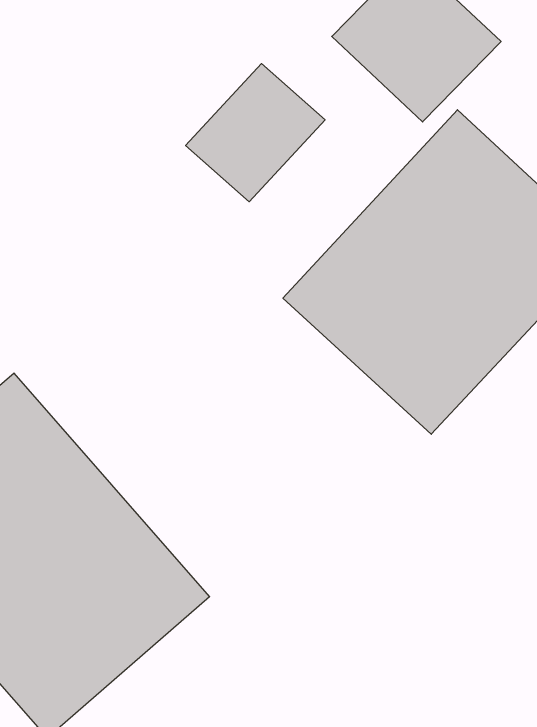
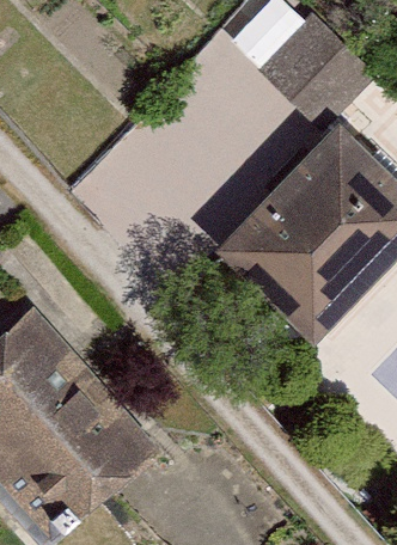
building: [186,64,325,202] -> none

